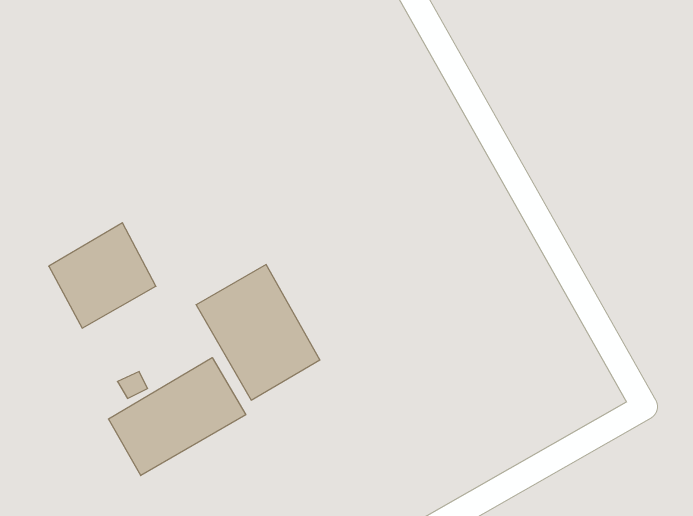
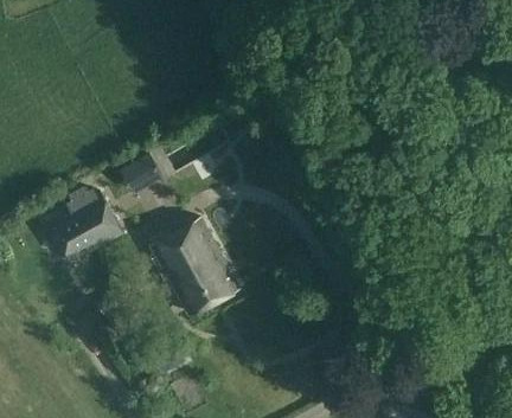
building: [108,358,246,476] -> none

